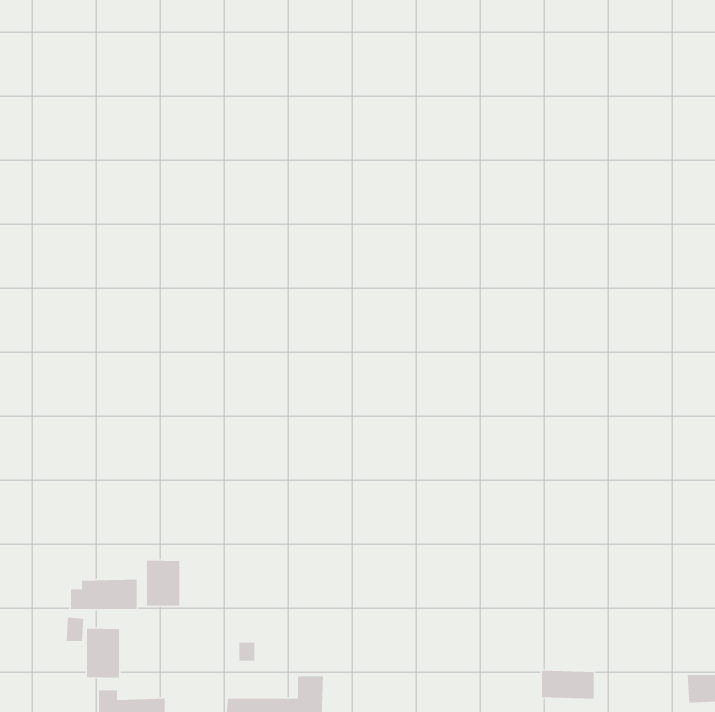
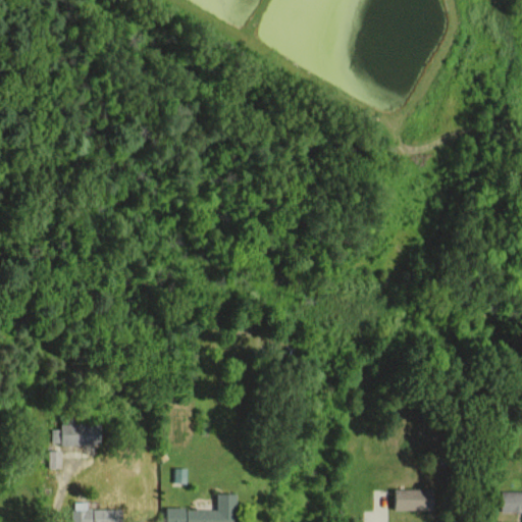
building: [146,560,180,607] -> none
building: [86,628,120,678] -> none

